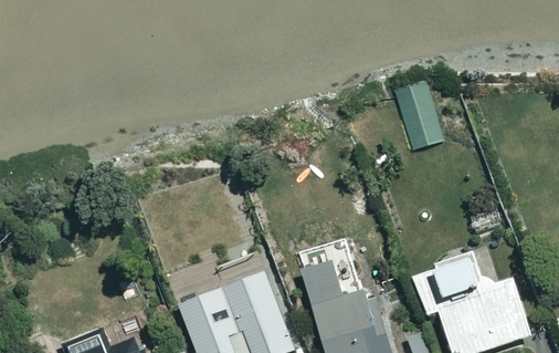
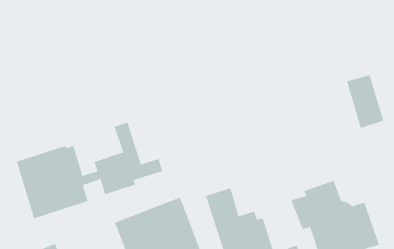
building: [395,81,446,153] -> [346,75,384,128]
building: none -> [16,122,163,219]

